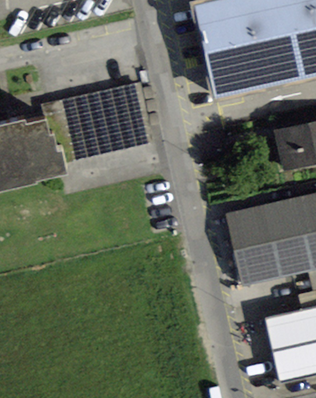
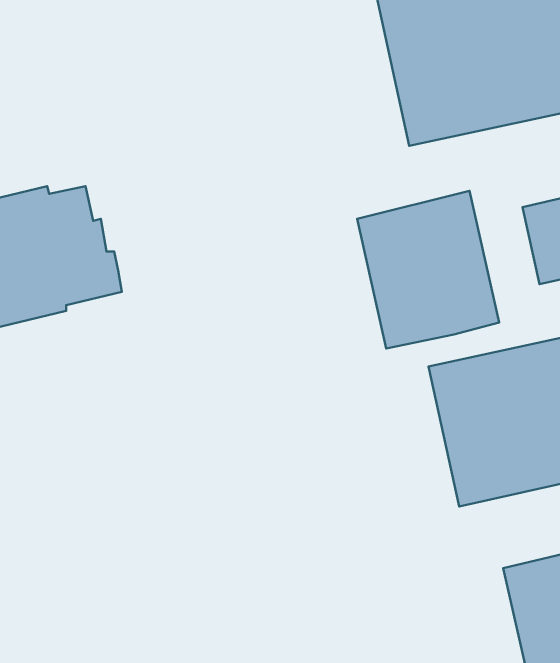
building: [42,83,152,162] -> none
building: none -> [357,191,499,349]

